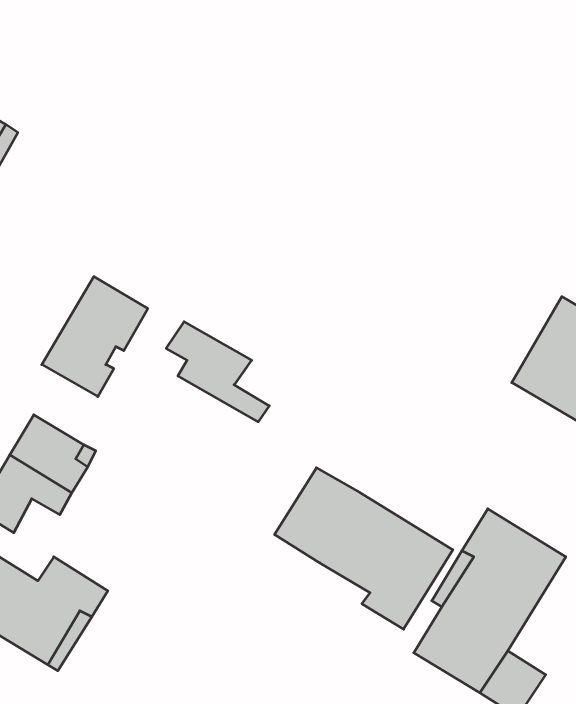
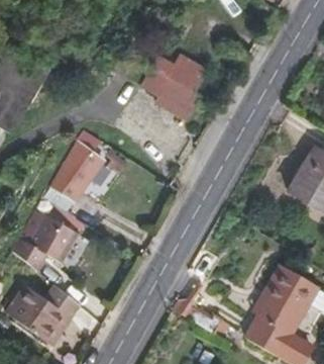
building: none -> [148,55,213,118]
building: [166,322,269,422] -> none
building: [275,468,453,629] -> none

